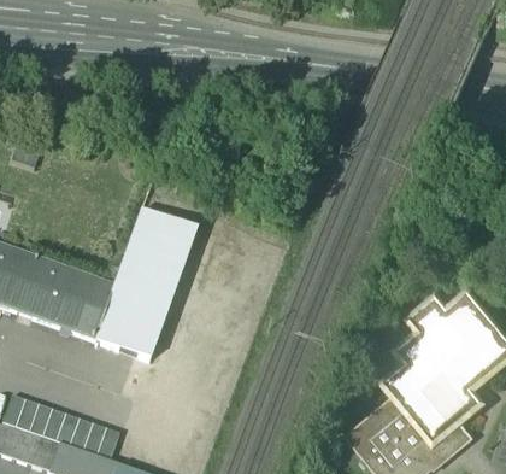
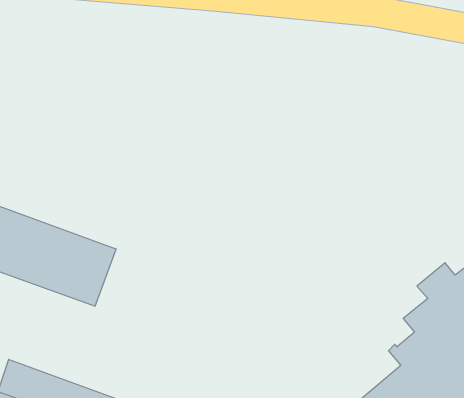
building: [94,209,199,359] -> none

